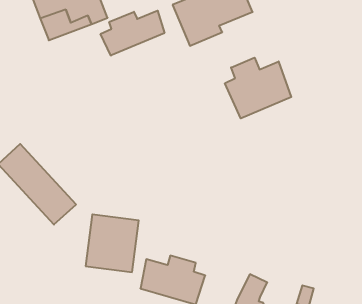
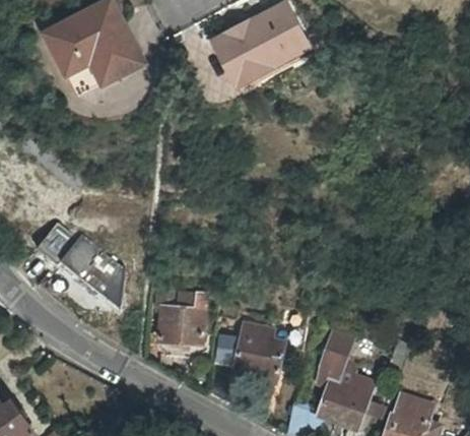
building: [101,11,164,56] -> none
building: [225,58,291,118] -> none

